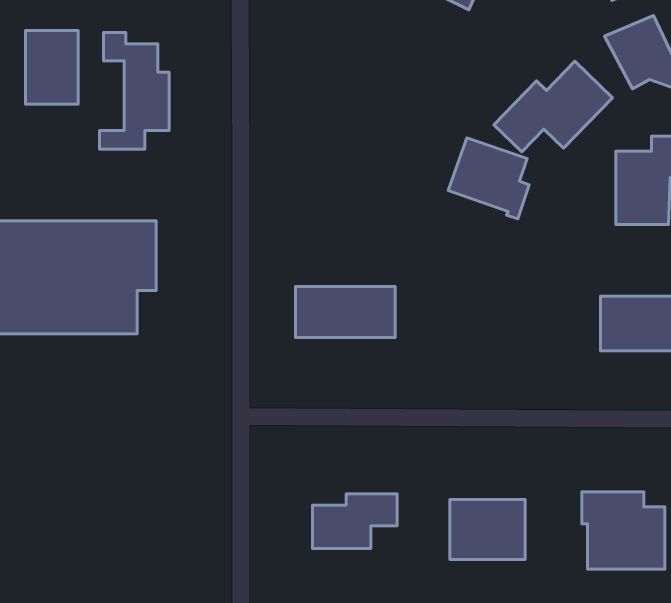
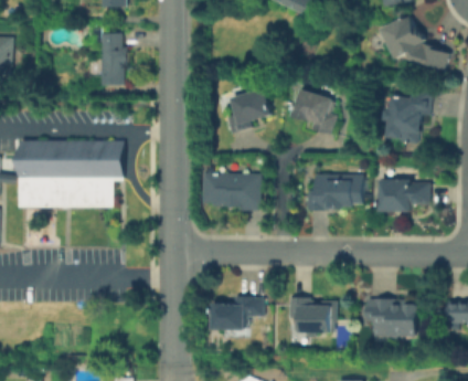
building: [26,31,78,104] -> none
building: [494,61,612,152] -> none
building: none -> [225,87,272,137]
building: none -> [311,177,363,211]

